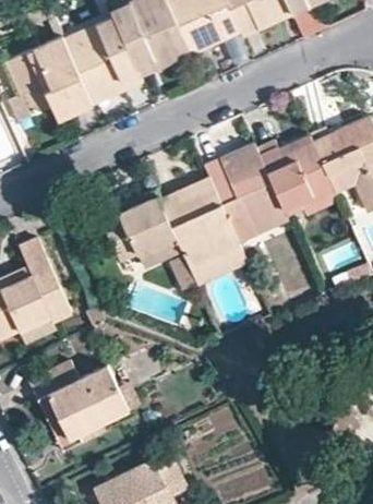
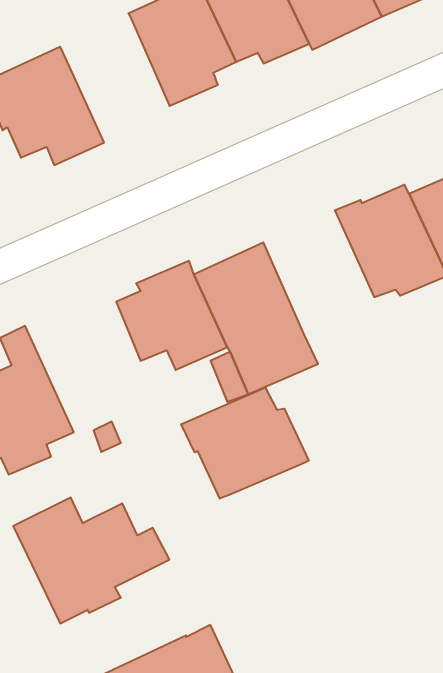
building: [63,15,143,104] -> none
building: [203,142,290,242] -> none
building: none -> [181,387,309,499]

